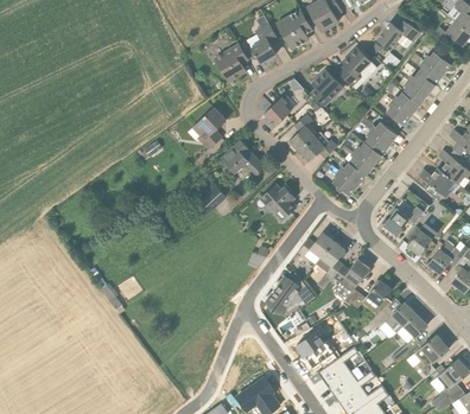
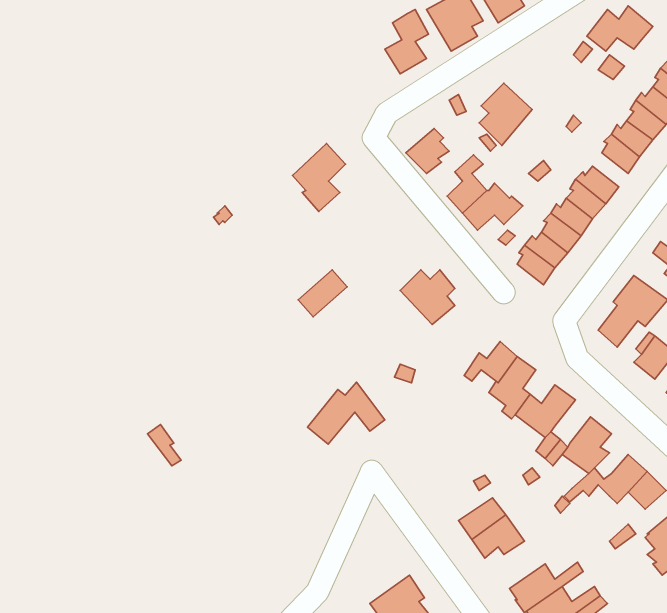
building: [215,44,248,82] -> none
building: [338,47,370,85] -> none
building: [221,140,265,174] -> none
building: [267,274,316,313] -> [308,382,385,444]
building: [317,346,358,387] -> none

